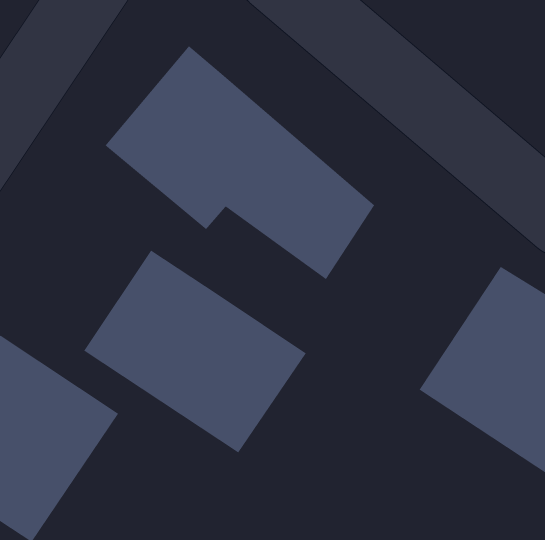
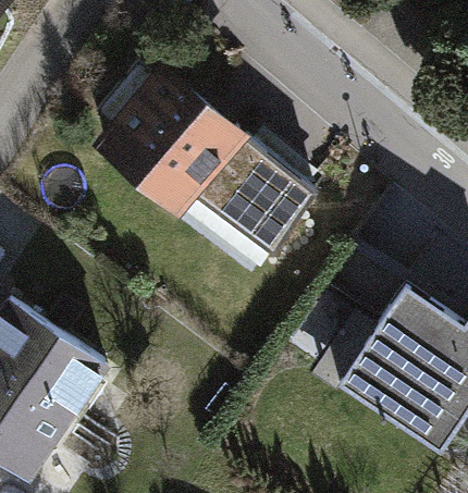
building: [83,249,307,454] -> none

